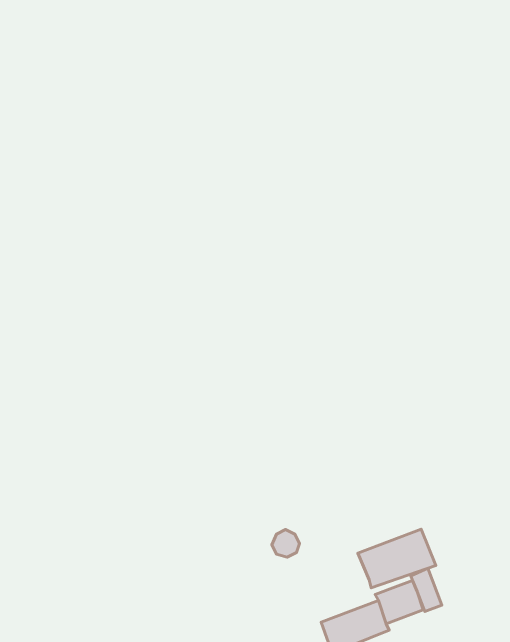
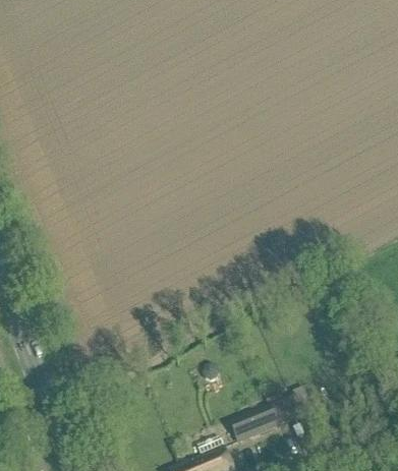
building: [358,529,436,588] -> none

